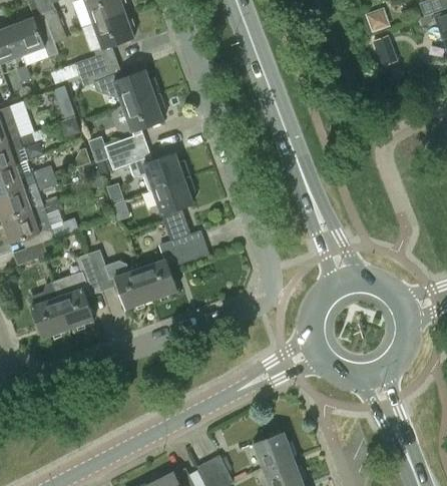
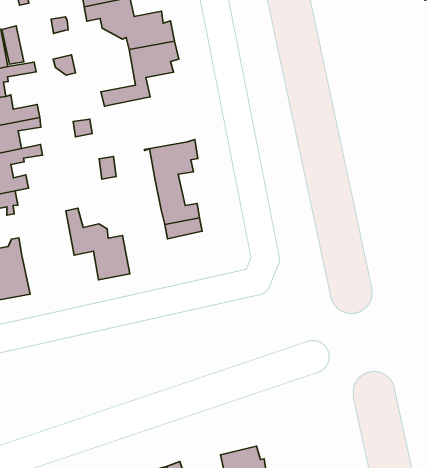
building: [108,144,190,190] -> none
building: [51,254,101,330] -> none
building: [140,259,177,300] -> none

